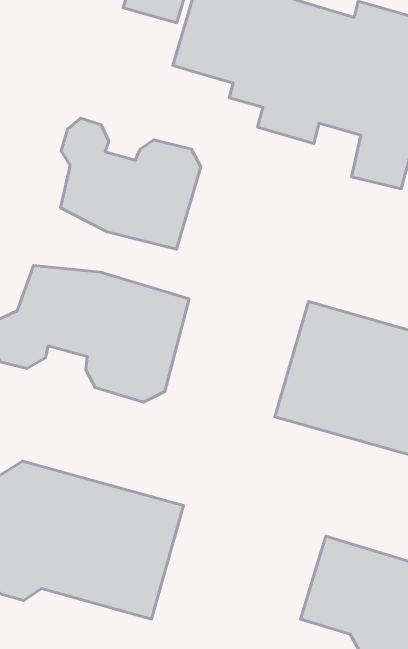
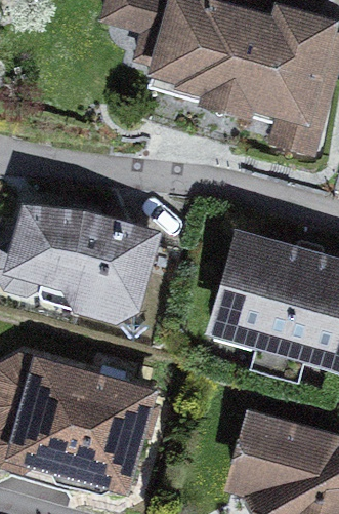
building: [61,118,201,249] -> none

